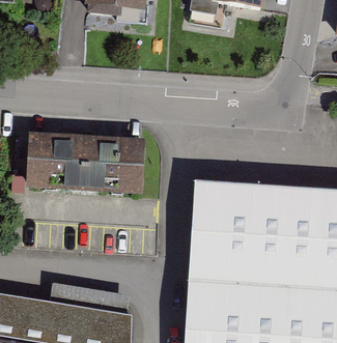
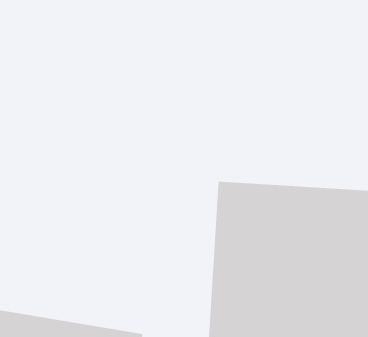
building: [24,131,146,195] -> none

